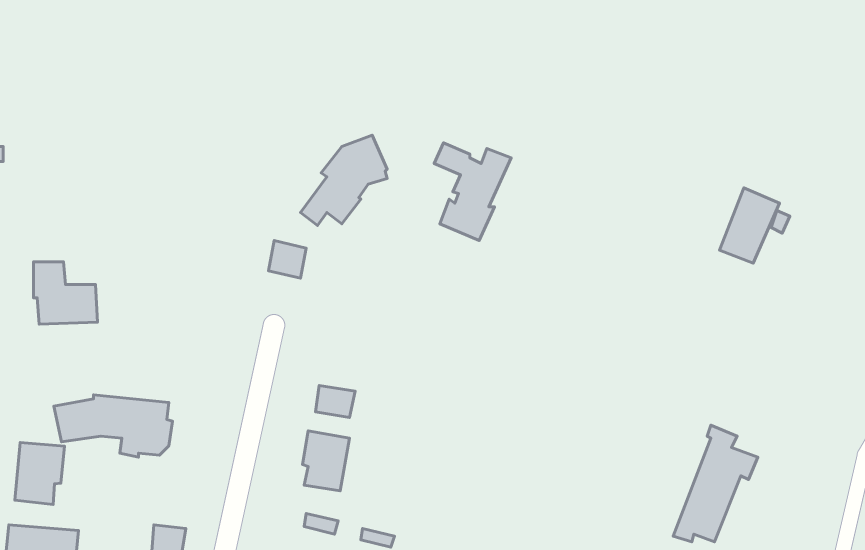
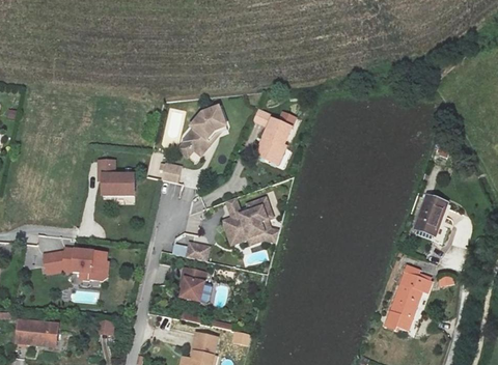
building: [719,188,780,263] -> [413,196,446,237]
building: [33,262,97,324] -> [98,160,133,194]
building: none -> [223,196,279,243]
building: [15,442,65,504] -> none

